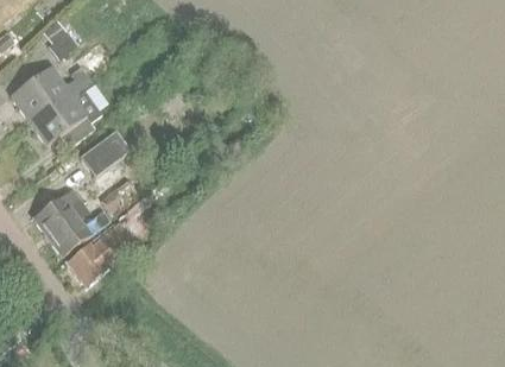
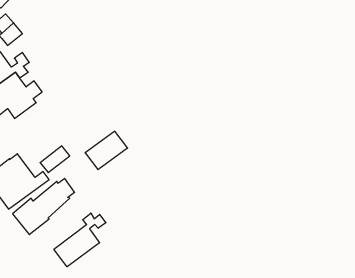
building: [78,131,130,177] -> [85,131,128,170]
building: none -> [54,213,106,267]

